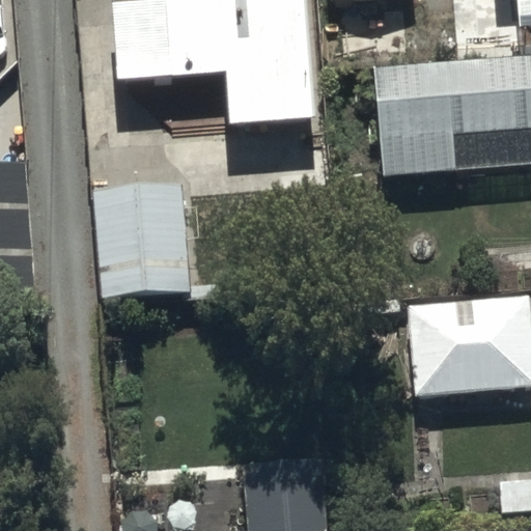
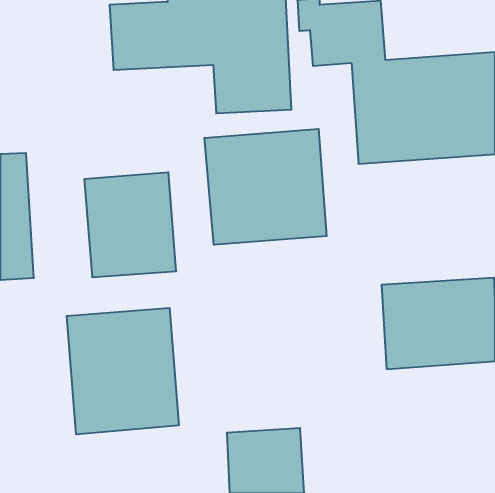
building: none -> [205,129,327,245]
building: none -> [67,308,179,434]

